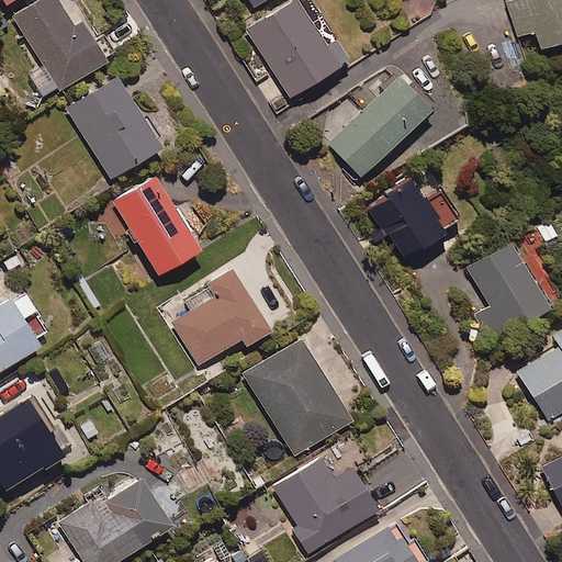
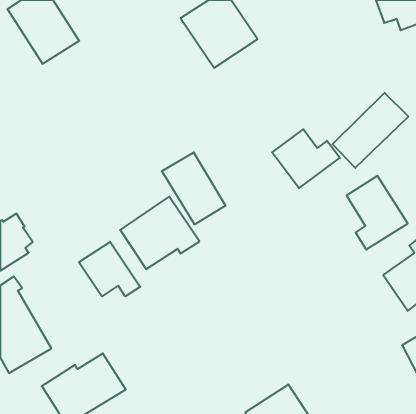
building: [66,77,160,178] -> none
building: [329,77,431,178] -> [332,93,408,168]
building: [113,178,199,274] -> [162,152,226,224]
building: none -> [79,242,140,296]
building: [245,340,351,456] -> none
building: [272,448,379,552] -> none

